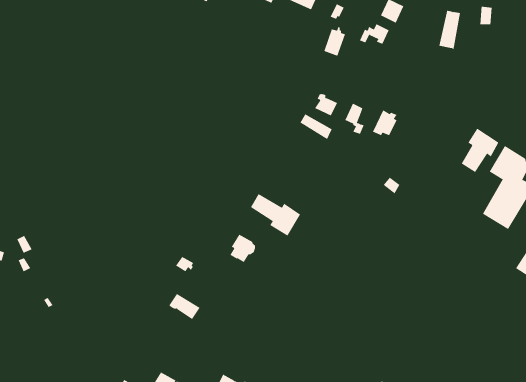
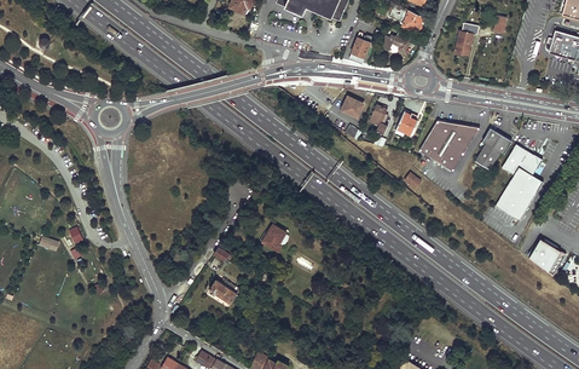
building: none -> [419,121,480,172]
building: [250,193,301,236] -> none

